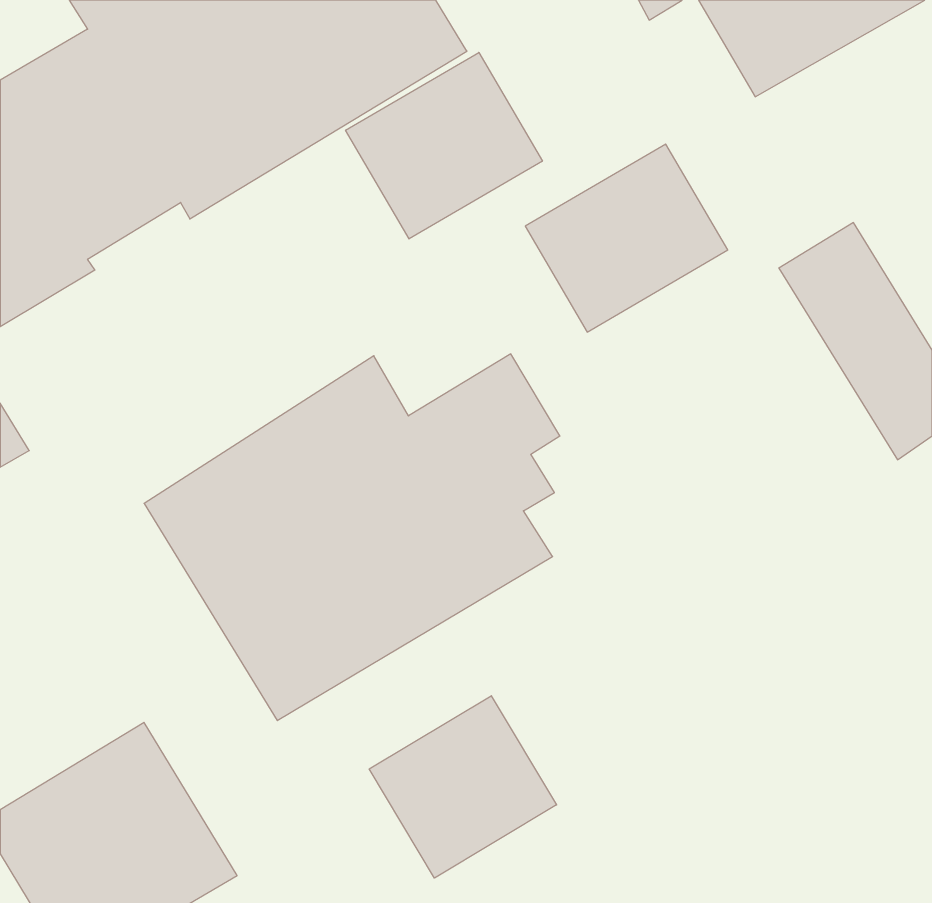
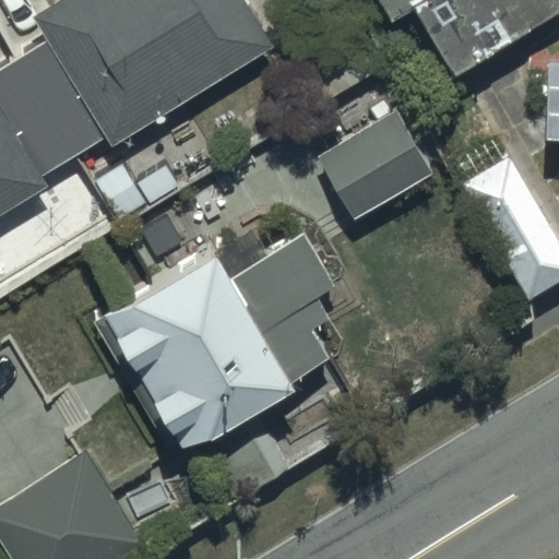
building: [346,52,542,239] -> none
building: [369,696,557,878] -> none

